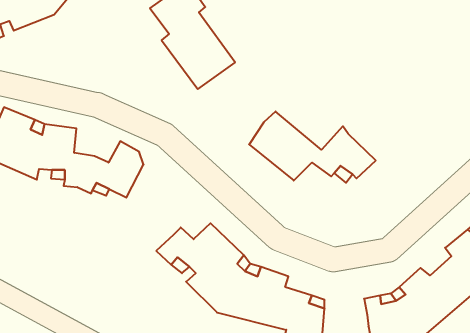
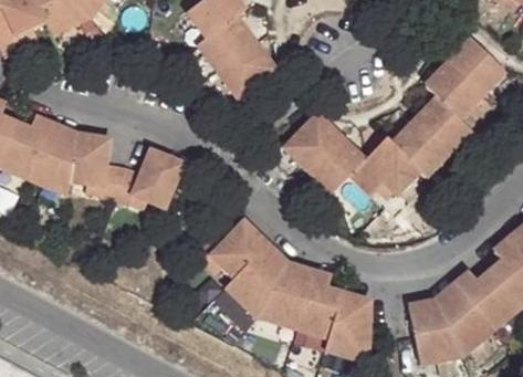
building: none -> [393,40,501,171]

